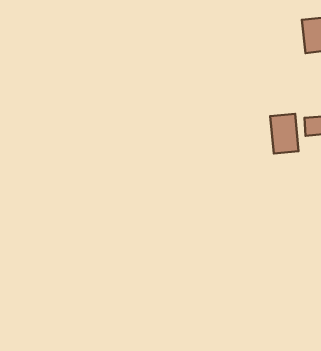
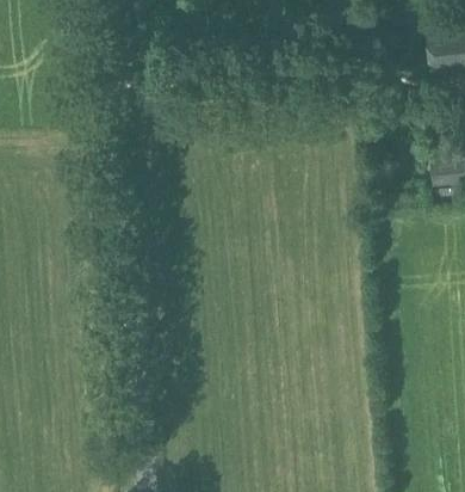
building: [270,114,299,153] -> none

